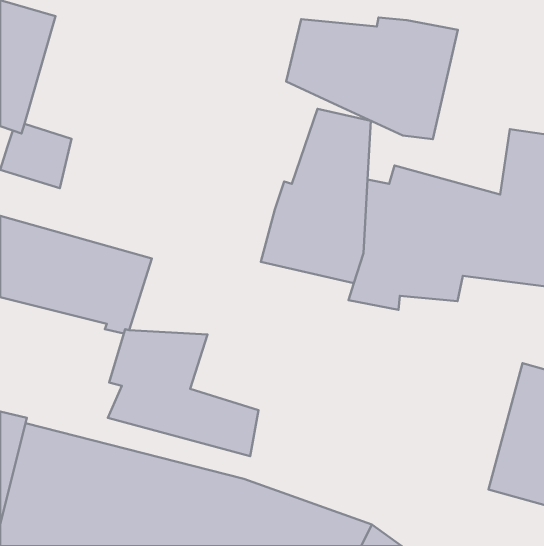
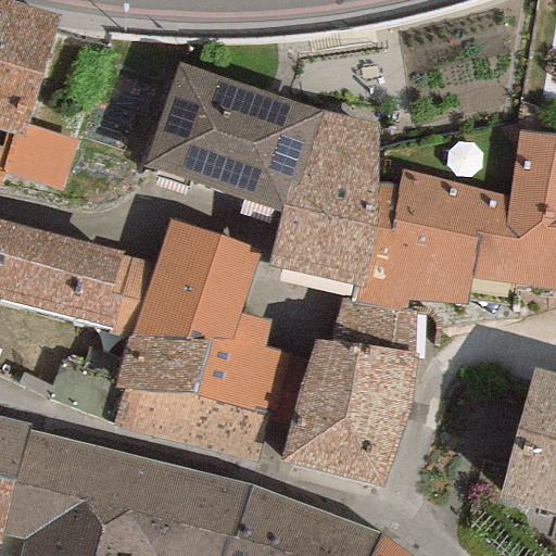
building: [286,18,458,139] -> none
building: none -> [143,62,325,213]
building: none -> [134,222,289,419]
building: none -> [282,304,417,486]

